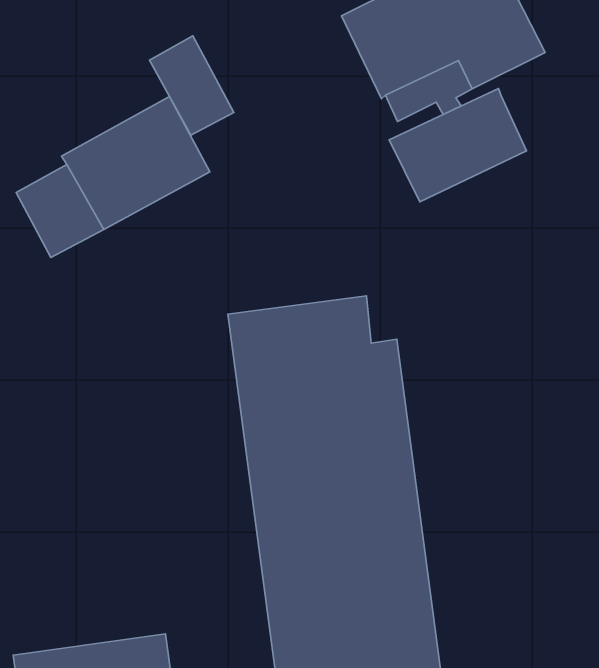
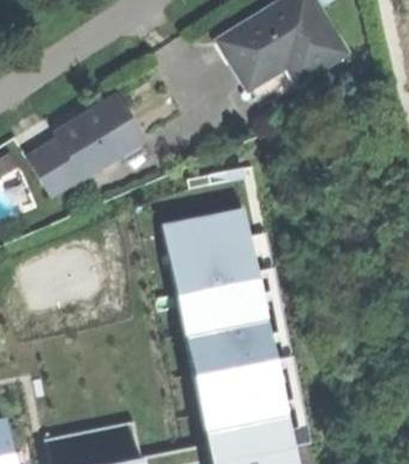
building: [149,36,234,135] -> none
building: [389,88,527,202] -> none

